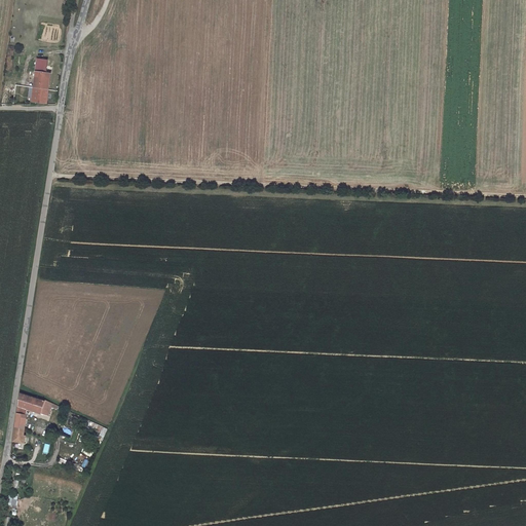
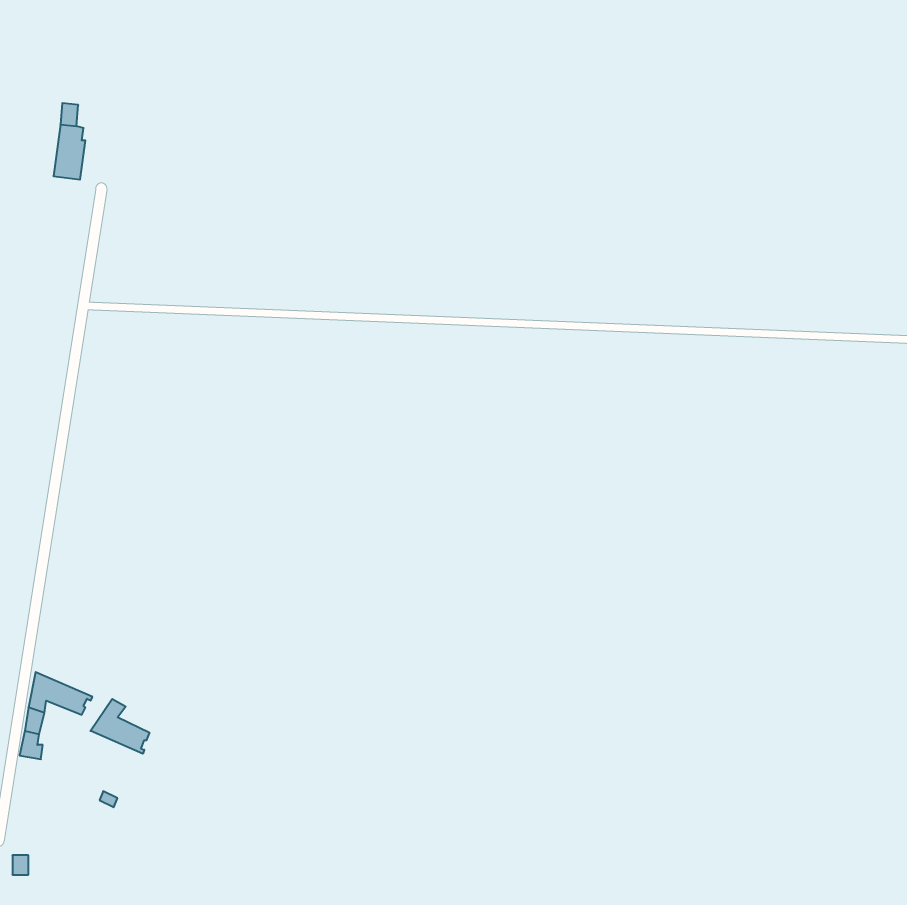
building: none -> [90,699,149,754]

